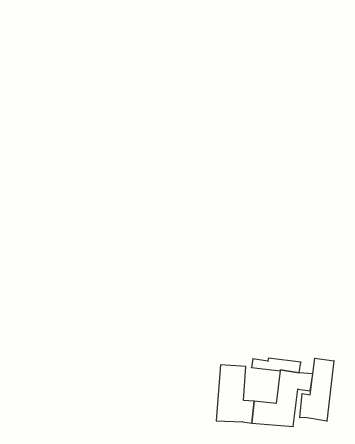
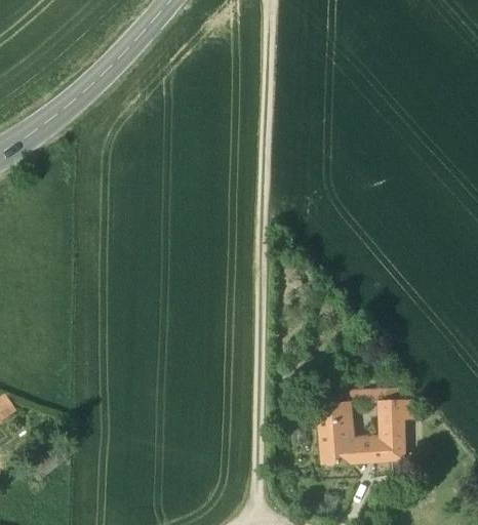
building: [300,358,334,421] -> none

